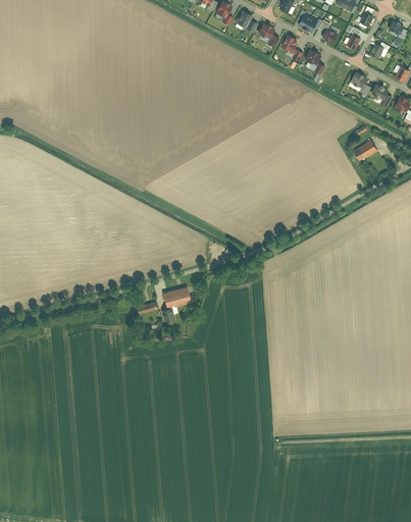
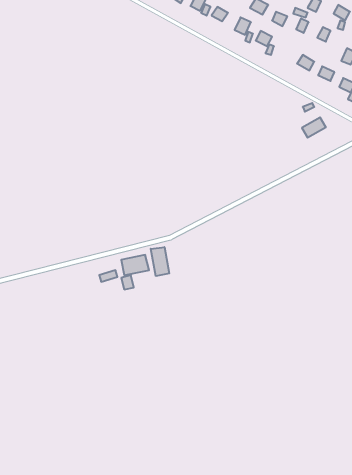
building: none -> [151,247,169,276]

